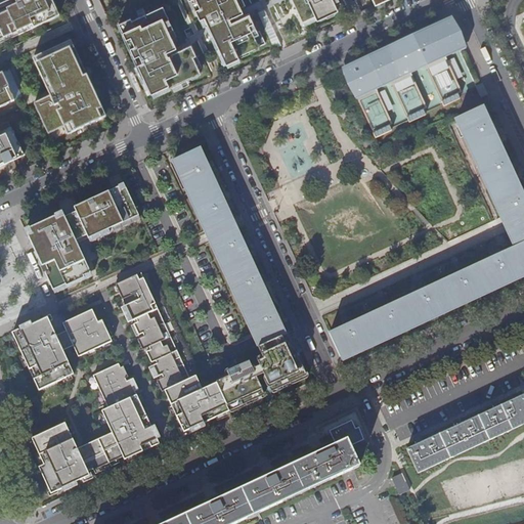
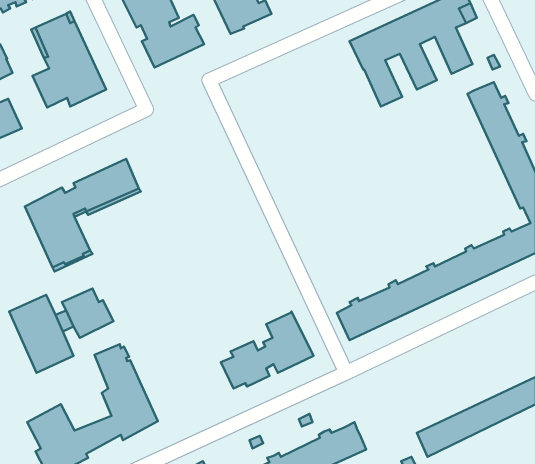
building: [173,140,285,344] -> none
building: [115,271,227,427] -> none
building: [331,419,363,444] -> none

